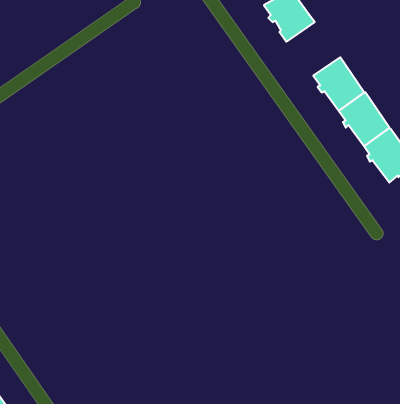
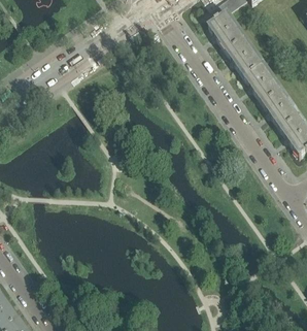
building: none -> [224,36,263,75]

